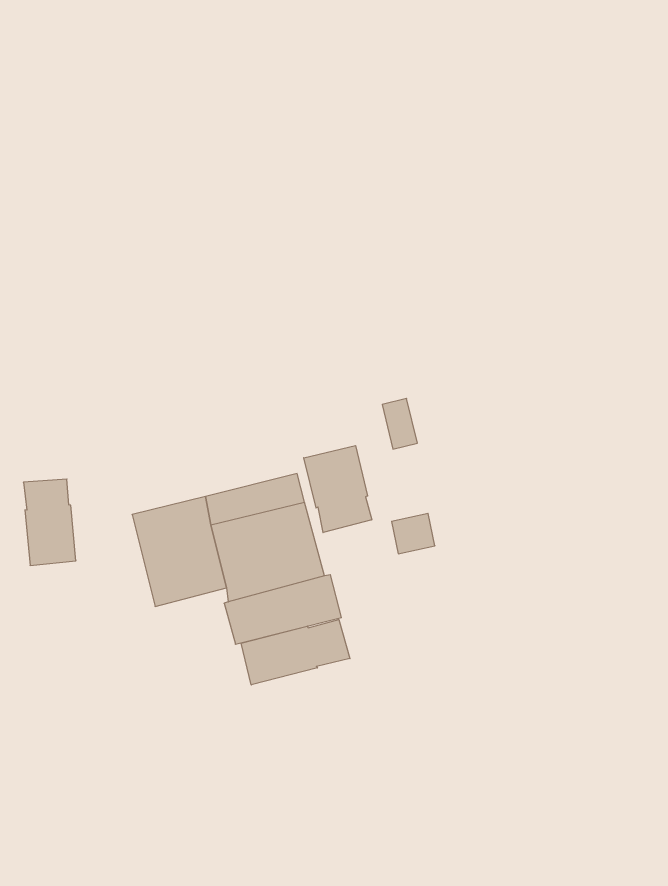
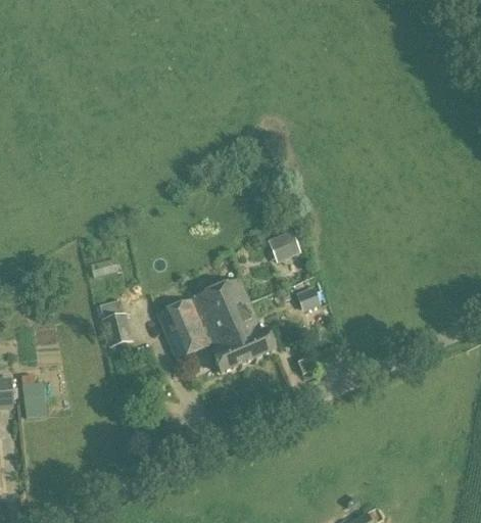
building: [304,446,372,533] -> none
building: [241,619,350,685] -> none

